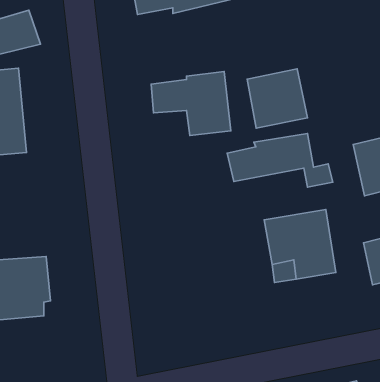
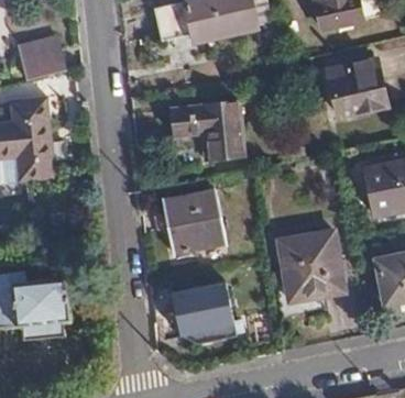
building: [247,69,308,128] -> [328,59,386,117]
building: [227,133,333,187] -> none
building: none -> [158,190,220,254]
building: none -> [172,283,232,335]

